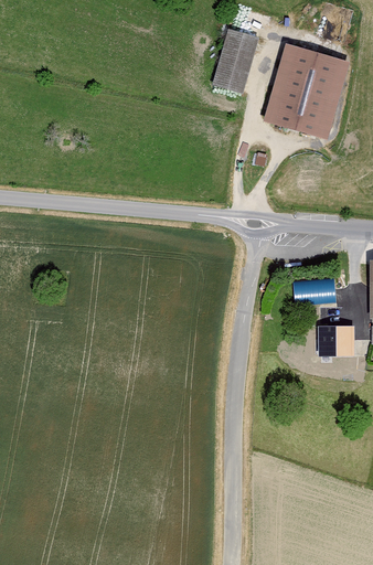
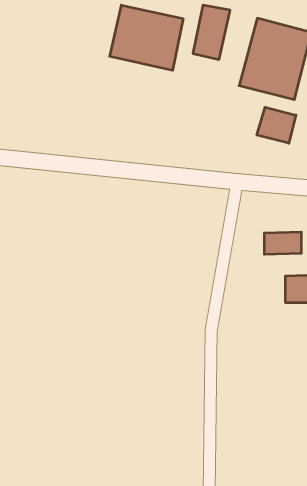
building: none -> [110,5,183,70]
building: none -> [257,107,296,143]

